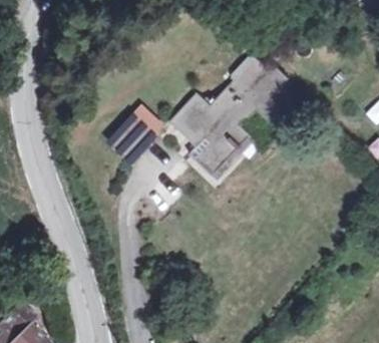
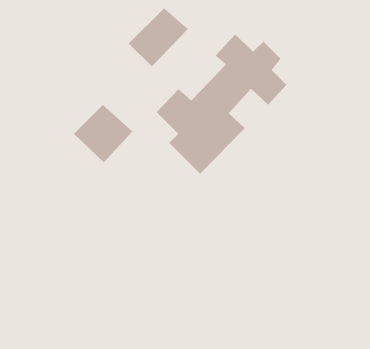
building: none -> [128,7,189,67]

